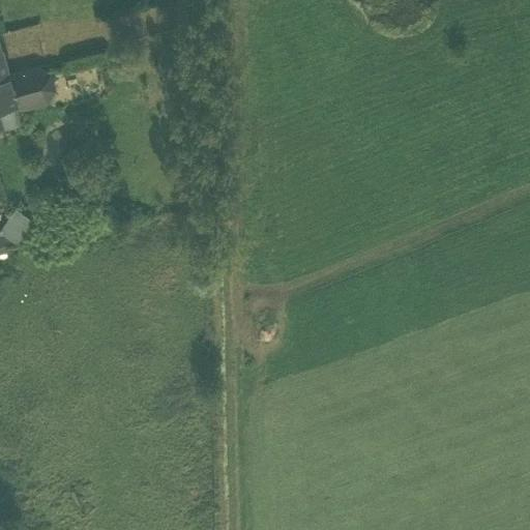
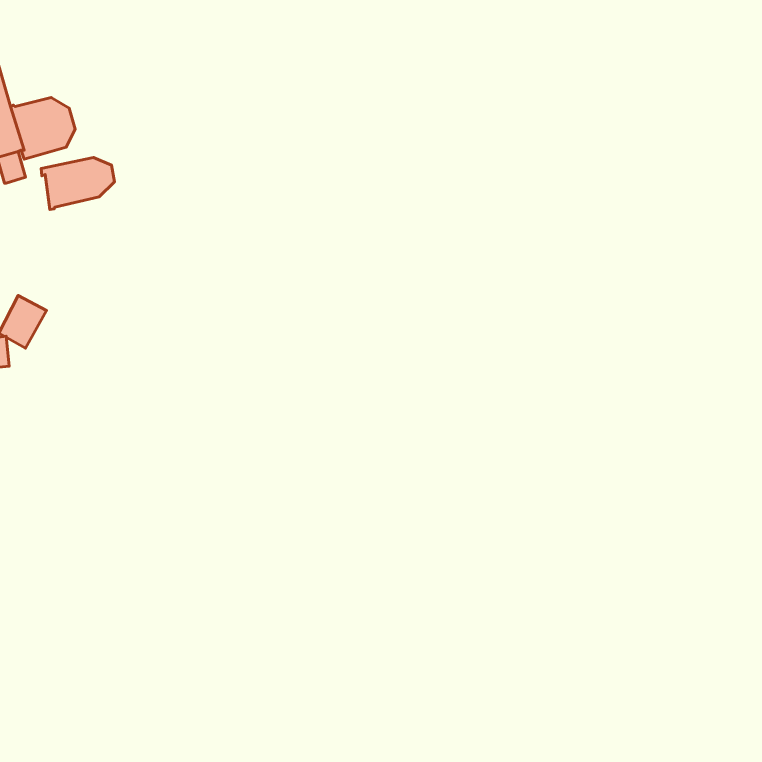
building: none -> [41,157,114,209]

